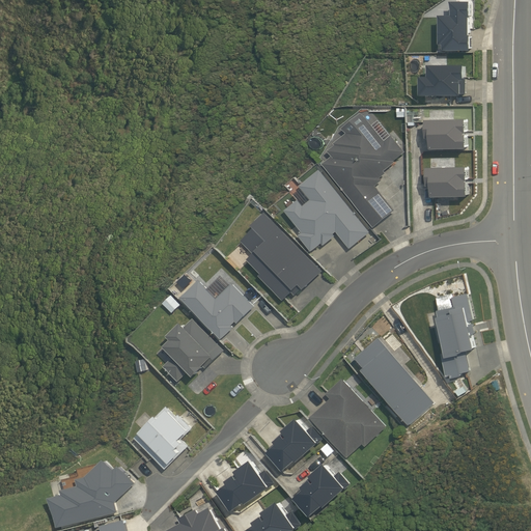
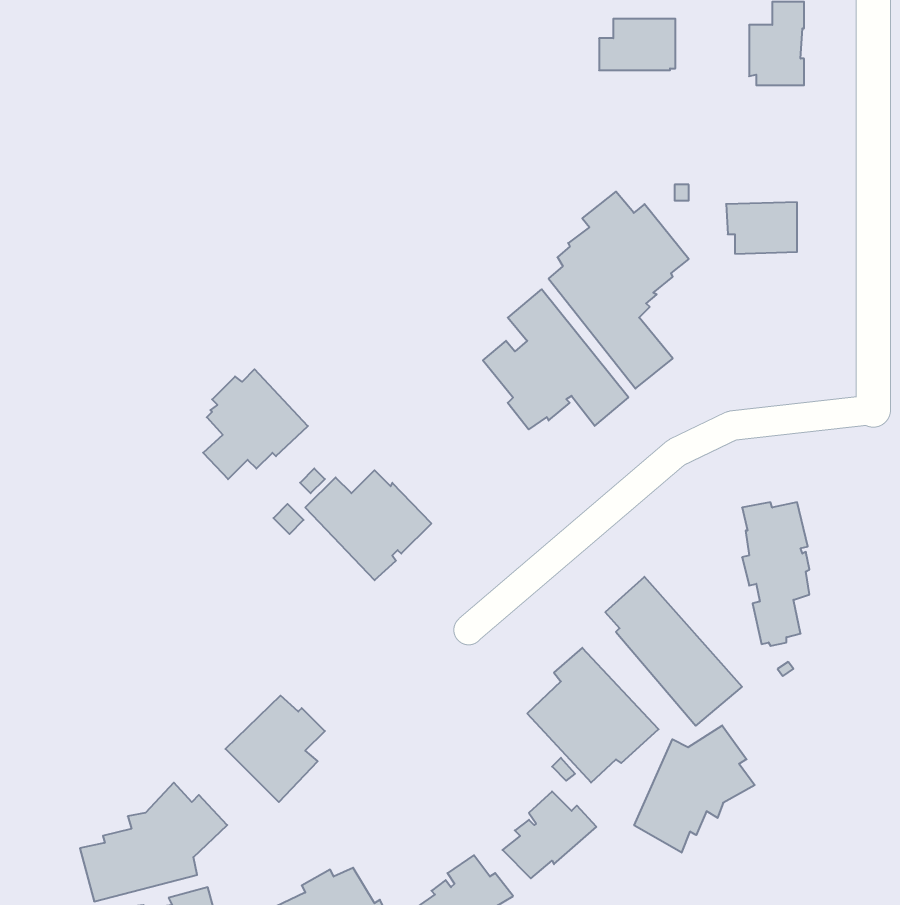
building: [419,65,464,95] -> [599,19,675,70]
building: [425,167,467,197] -> none
building: [237,214,319,301] -> none
building: [161,318,222,383] -> [203,369,308,479]
building: [267,418,322,471] -> none
building: none -> [634,725,755,853]
building: [217,460,273,510] -> none

